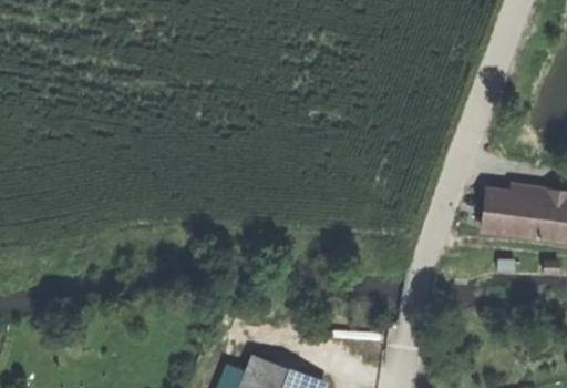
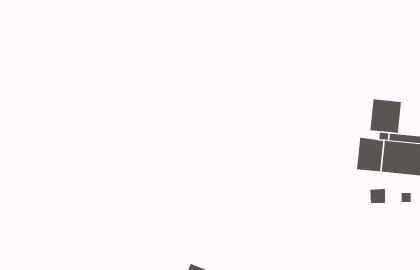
building: none -> [370,98,401,134]

